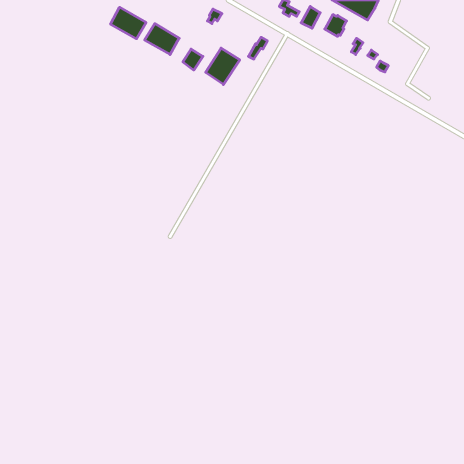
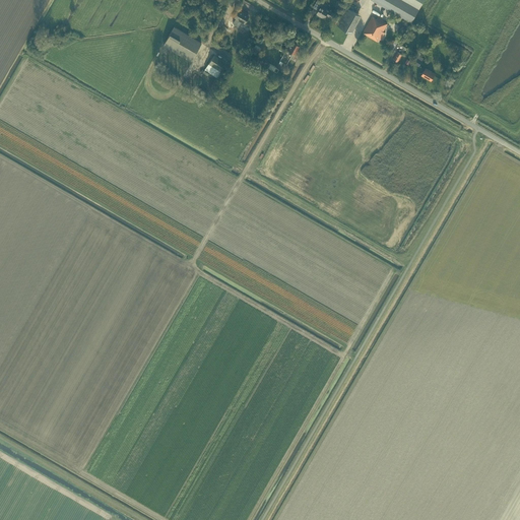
building: [111,7,146,39] -> none
building: [206,48,240,85] -> none

